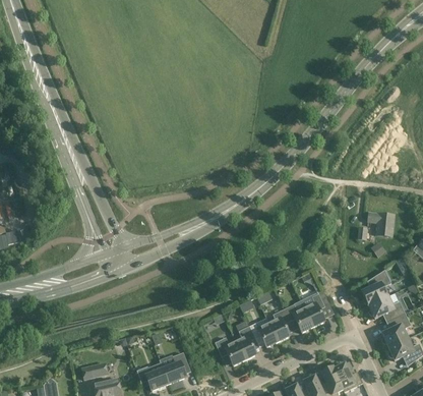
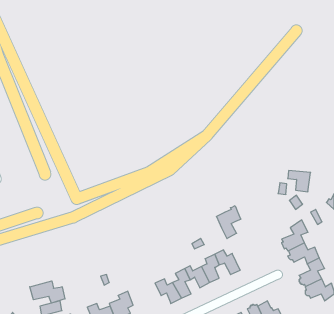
building: [301,289,329,327] -> [216,206,241,239]
building: none -> [30,281,65,303]

